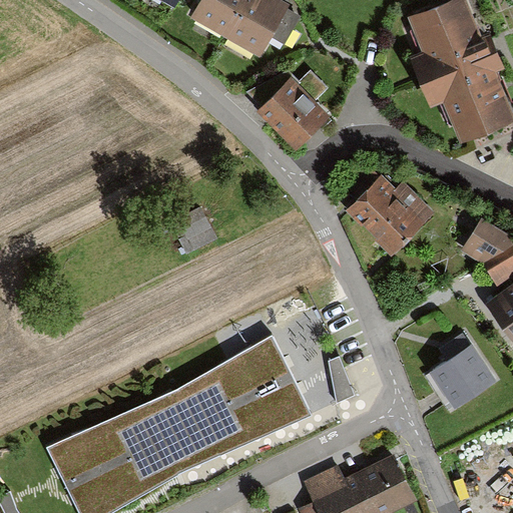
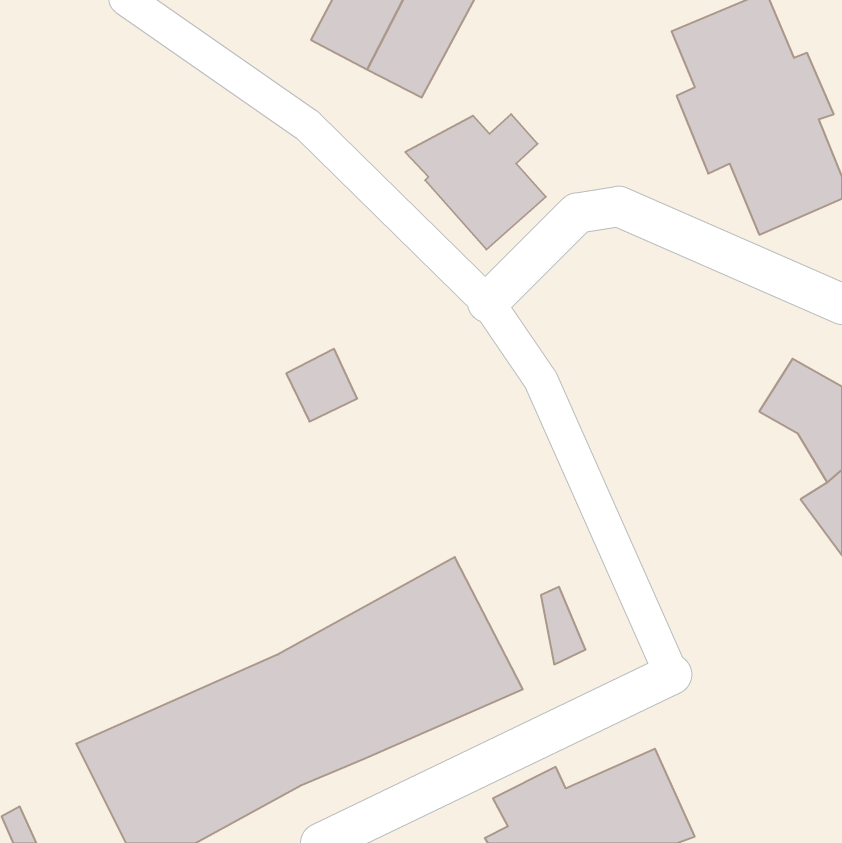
building: [344,173,436,258] -> none
building: [427,342,495,409] -> none

